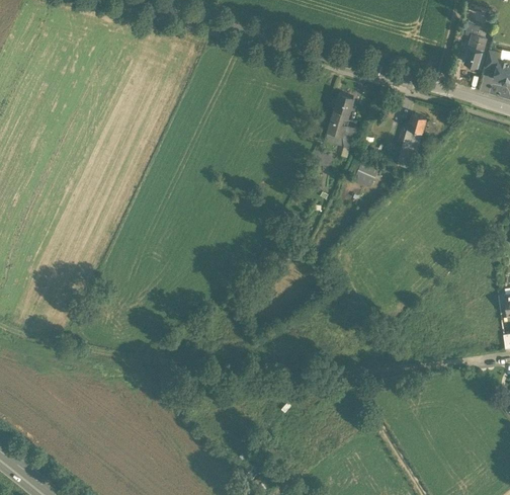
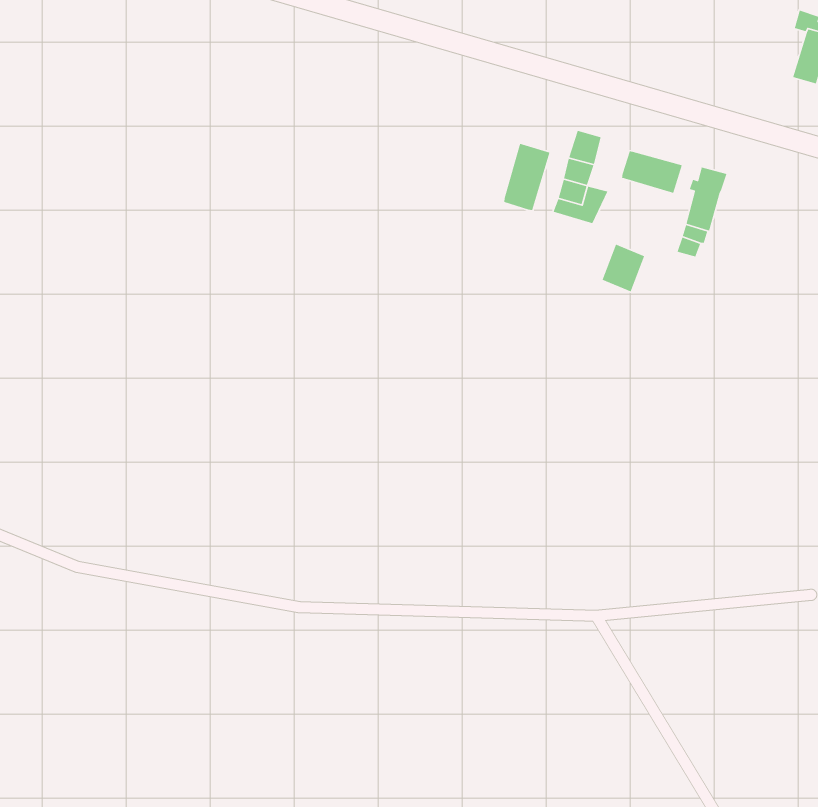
building: none -> [503,143,551,211]
building: none -> [621,151,683,194]

